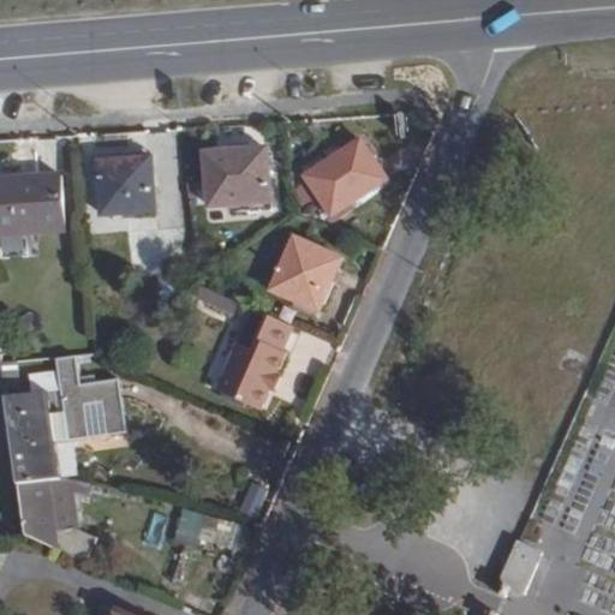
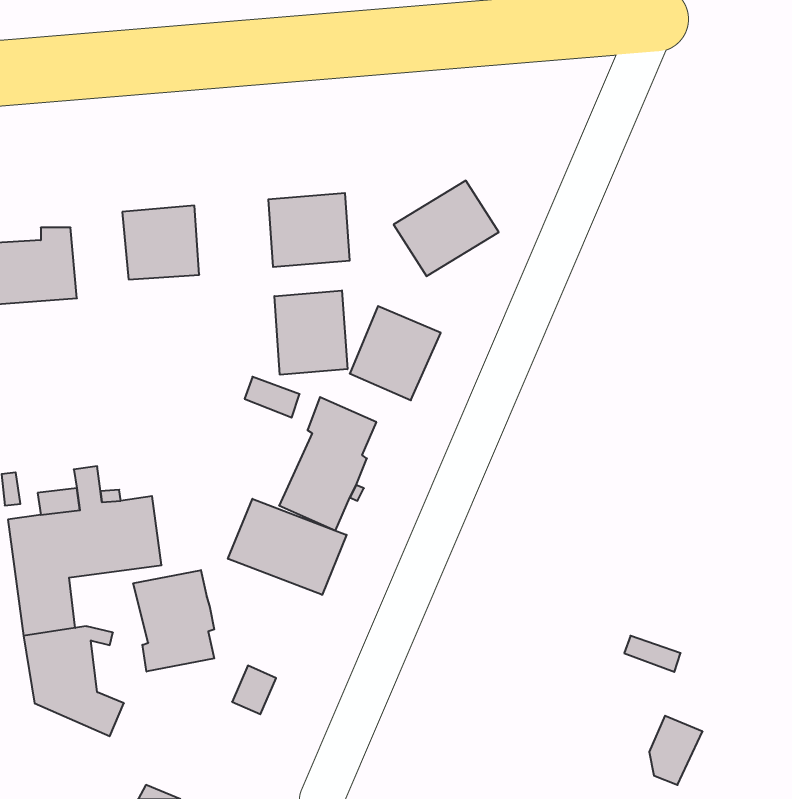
building: none -> [274,290,347,375]
building: none -> [228,499,347,595]
building: none -> [133,570,214,672]

